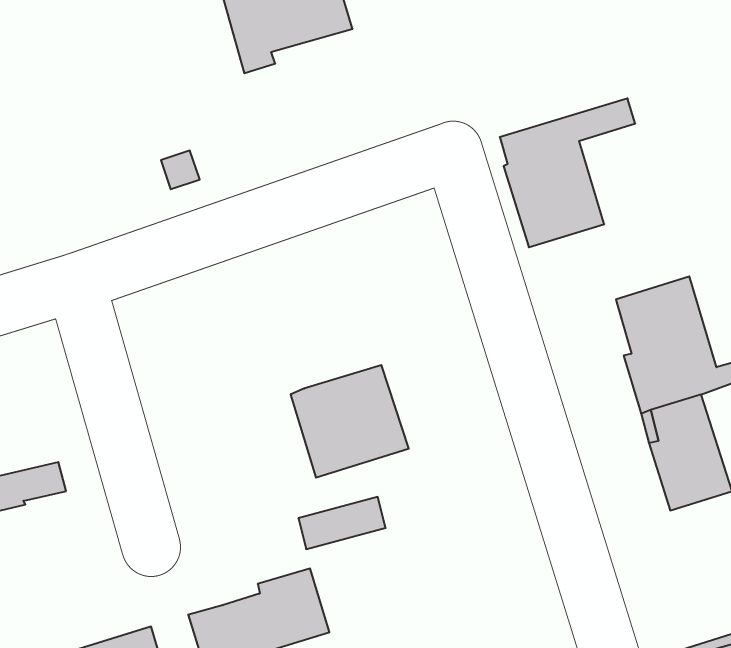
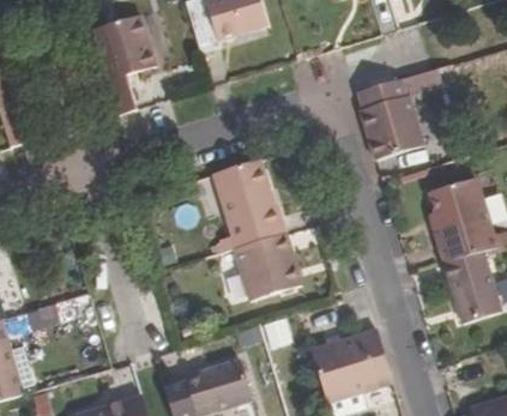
building: none -> [92,14,156,114]
building: none -> [213,159,284,247]
building: none -> [310,330,392,400]

